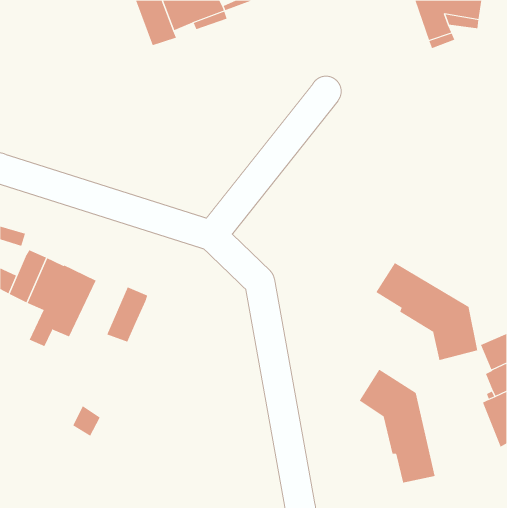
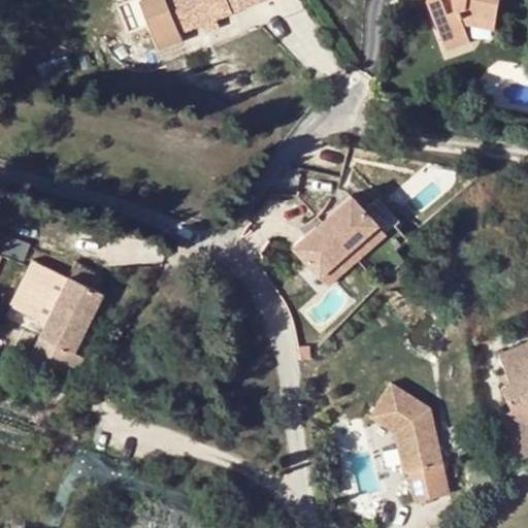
building: none -> [295,194,396,293]
building: [376,262,478,361] -> none
building: [107,287,148,343] -> none

